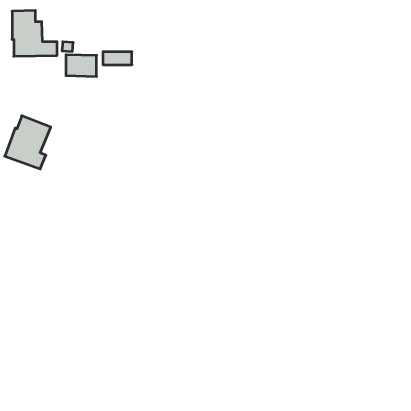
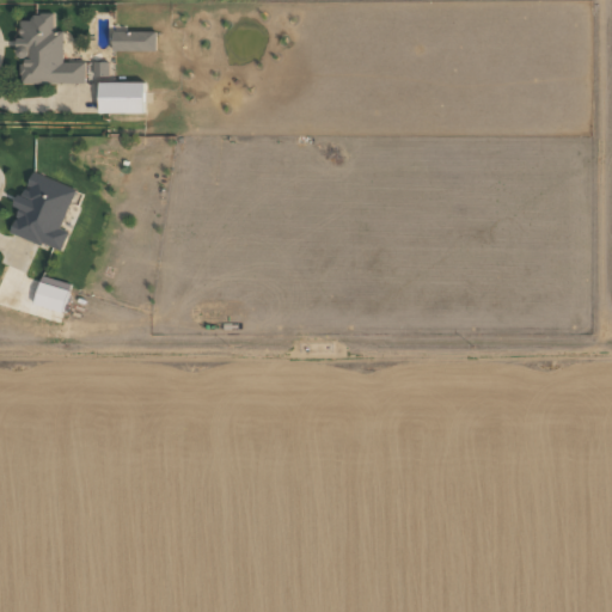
building: [103,52,132,65] -> [112,31,155,50]
building: none -> [32,275,71,313]

